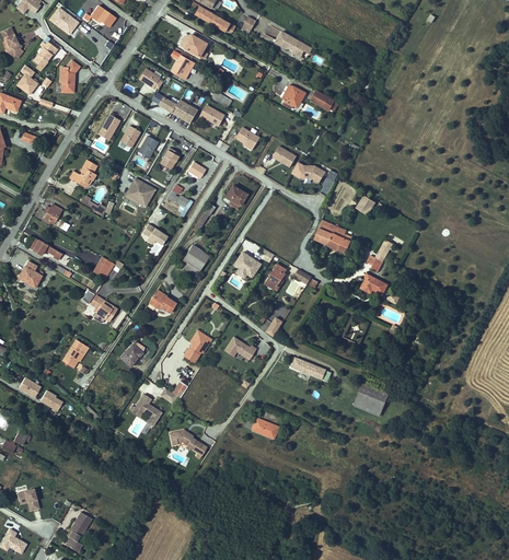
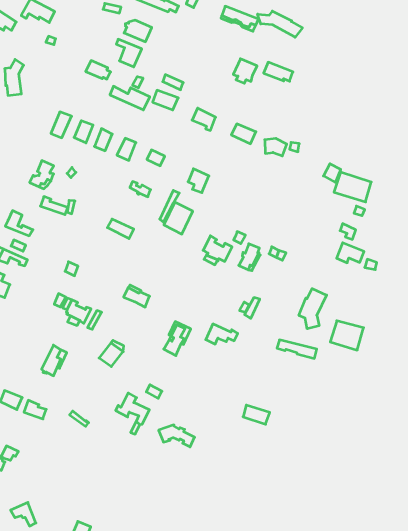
building: none -> [258,11,302,37]
building: [129,178,155,207] -> none
building: [314,220,351,252] -> [334,172,371,202]
building: [180,245,209,277] -> [164,202,193,234]
building: none -> [299,289,327,329]
building: [354,386,387,417] -> [330,321,364,350]

